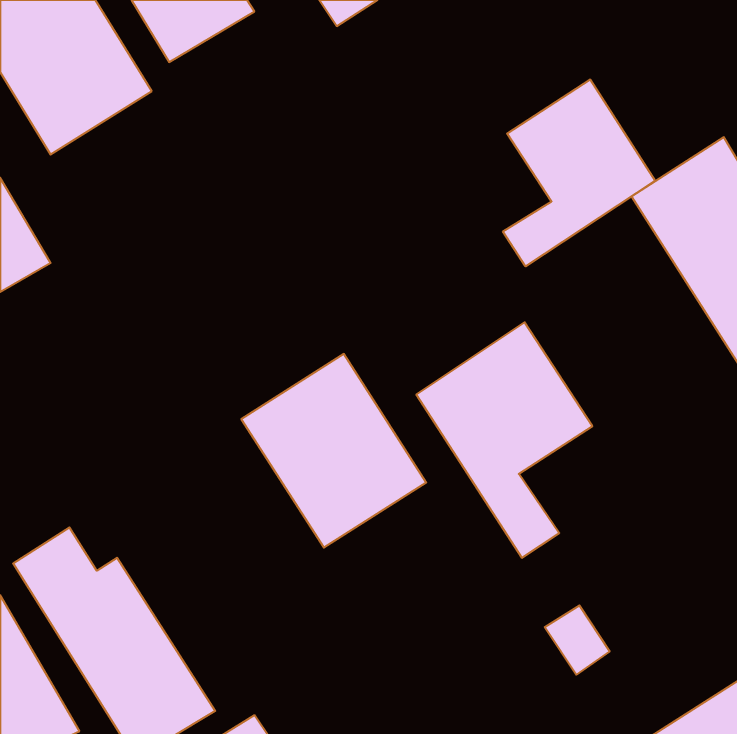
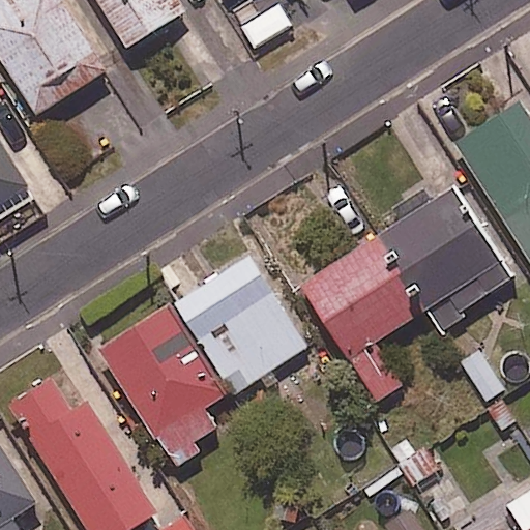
building: [503,79,655,266] -> none
building: none -> [377,180,511,326]
building: none -> [95,302,225,462]

